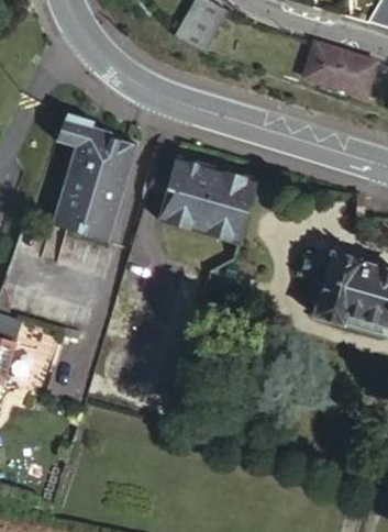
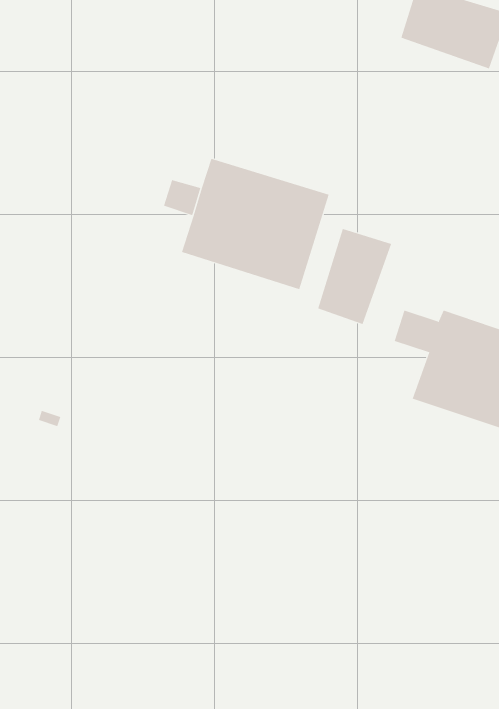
building: [53,110,136,241] -> none
building: none -> [318,228,392,325]

